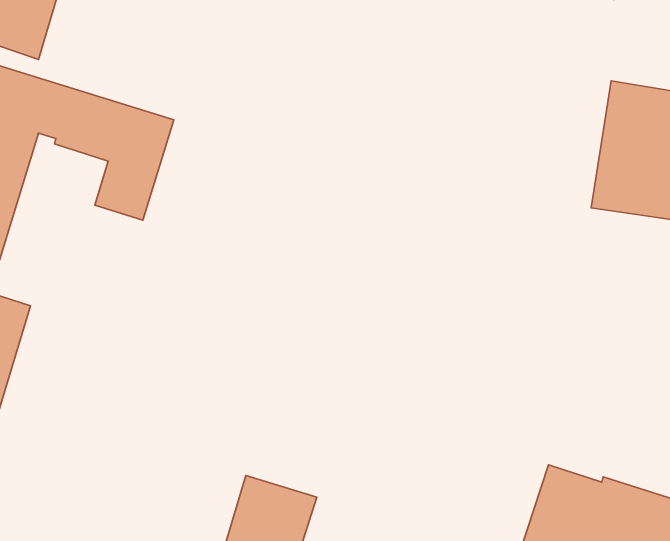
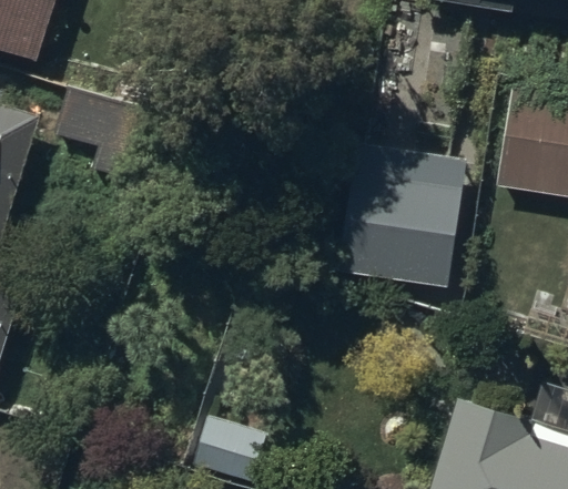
building: none -> [337,143,465,287]

